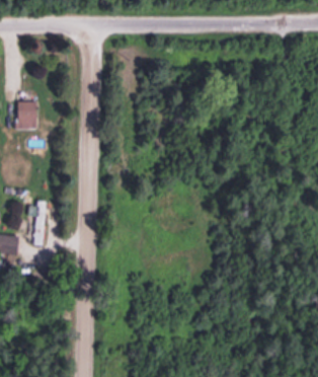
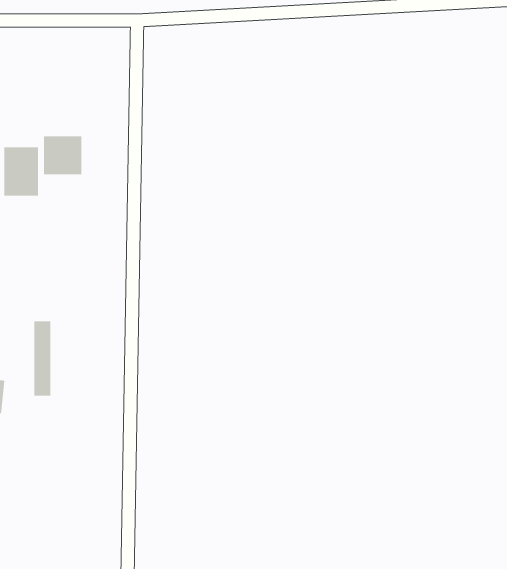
building: none -> [44,135,82,175]

